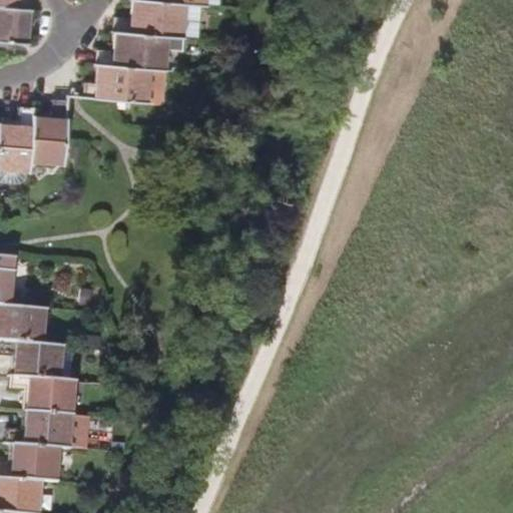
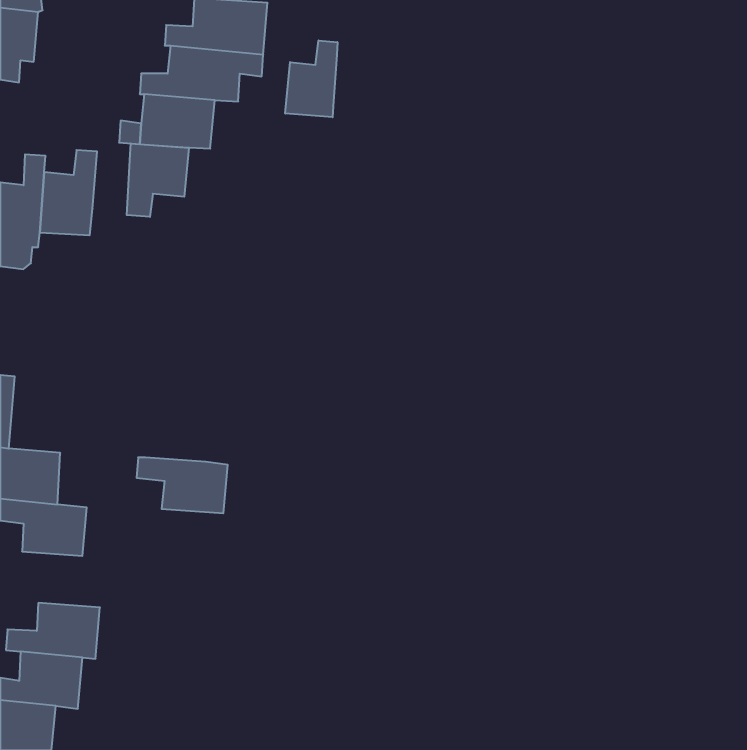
building: none -> [285,40,337,117]
building: none -> [127,143,189,217]
building: [12,376,74,414] -> [137,457,228,513]

